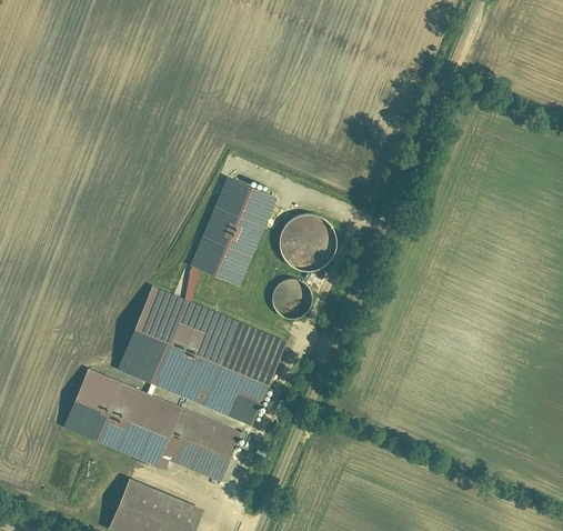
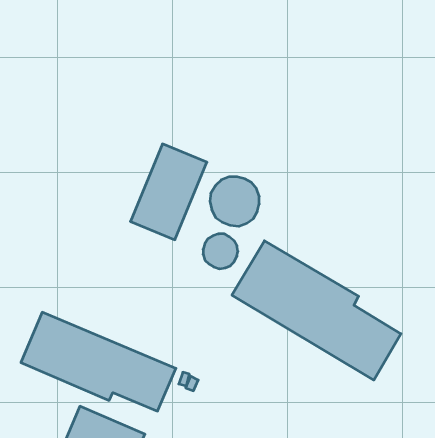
building: [117,284,286,425] -> none
building: none -> [232,241,401,380]

